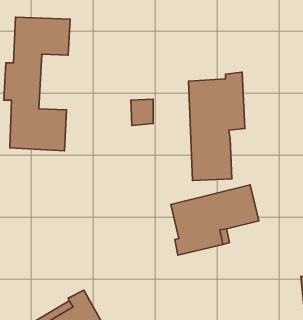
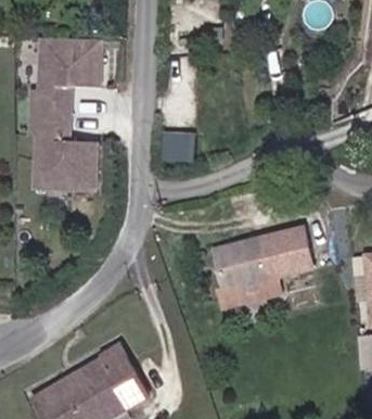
building: [189,72,245,180] -> none

